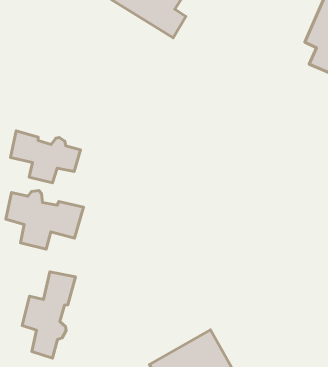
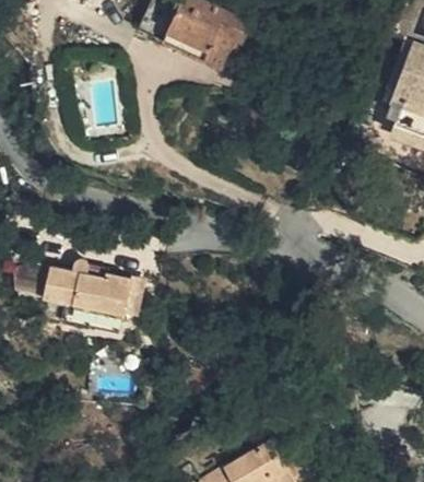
building: [11,131,81,183] -> none
building: [22,272,75,358] -> none

